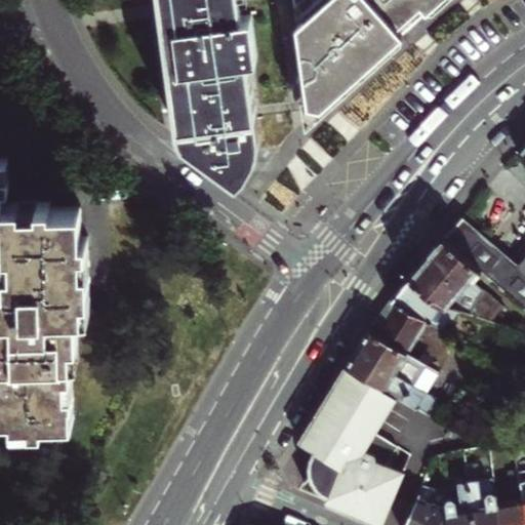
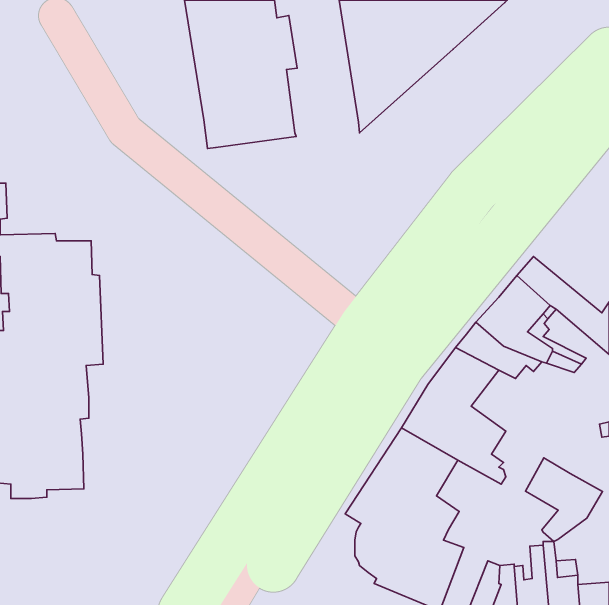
building: [177,123,255,189] -> none
building: none -> [525,458,602,542]

